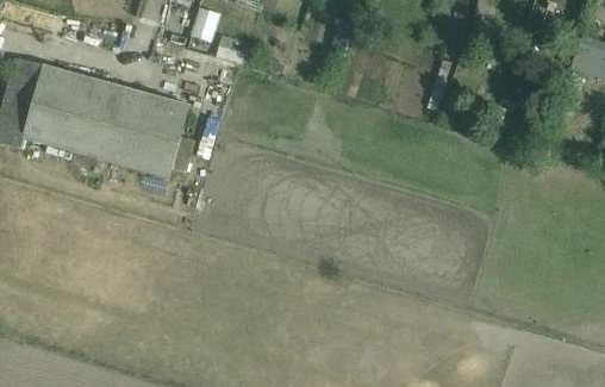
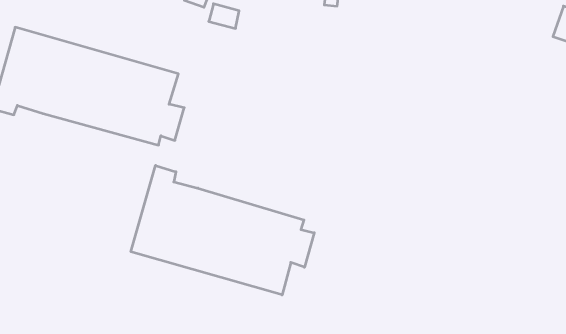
building: none -> [131,165,314,295]

